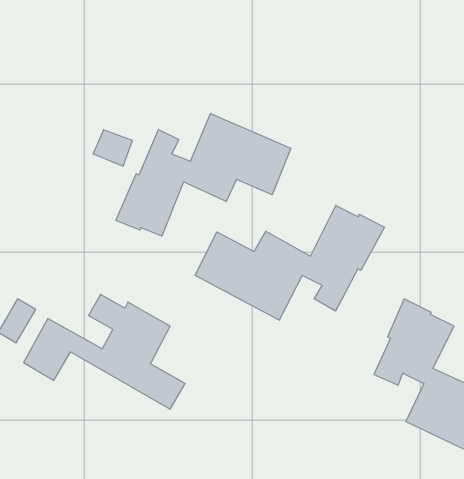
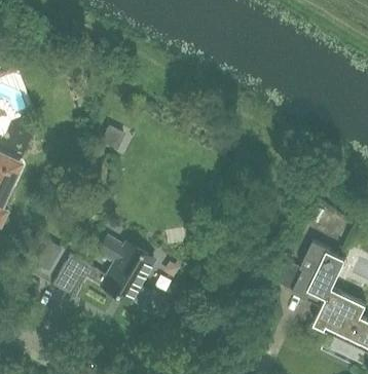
building: [116,113,291,236] -> none
building: [195,205,384,320] -> none

